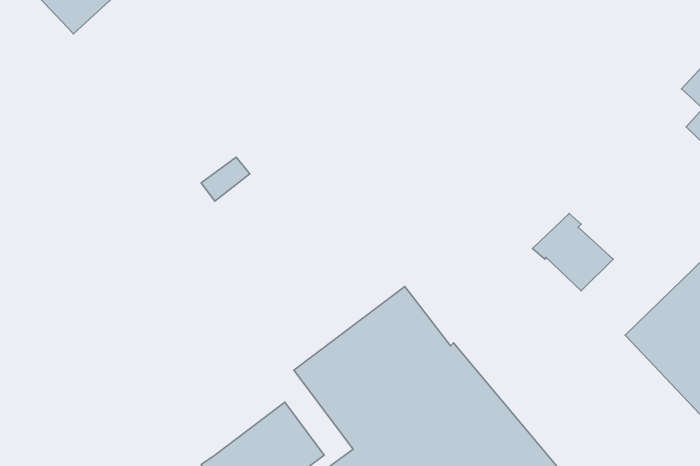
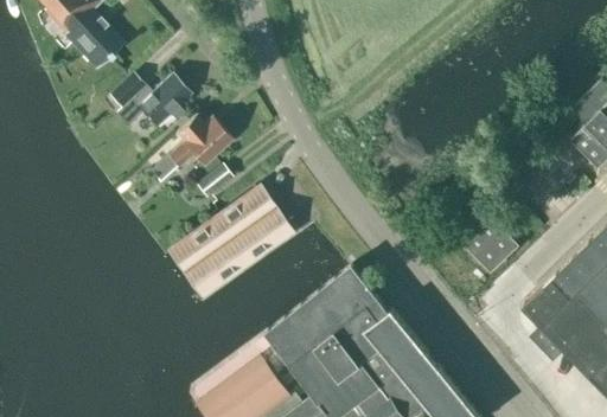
building: none -> [108,73,191,127]
building: none -> [149,116,231,184]
building: none -> [168,187,292,299]

